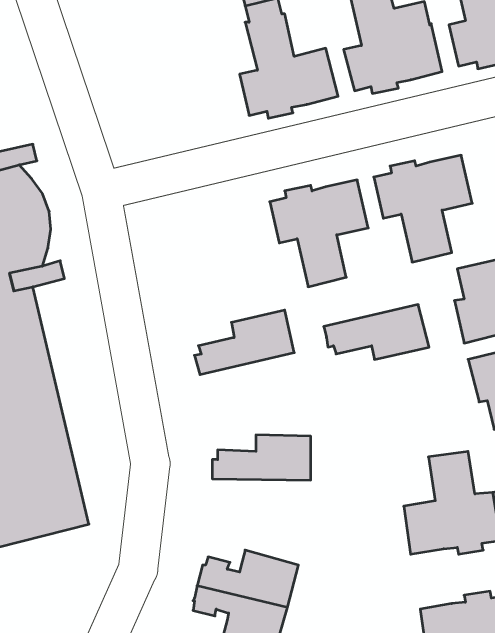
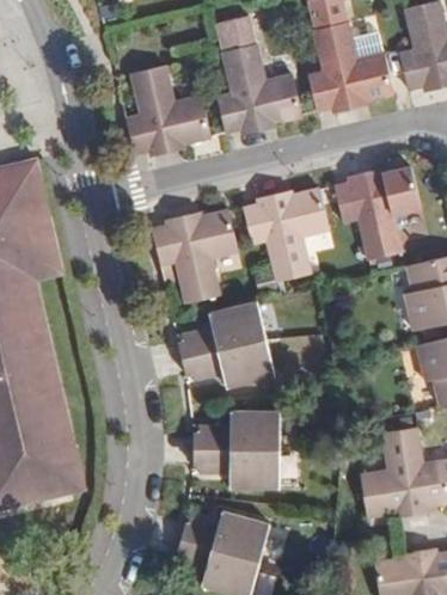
building: none -> [124,66,210,157]
building: none -> [151,210,237,303]
building: [324,305,429,359] -> [182,339,274,387]
building: none -> [192,449,278,489]

